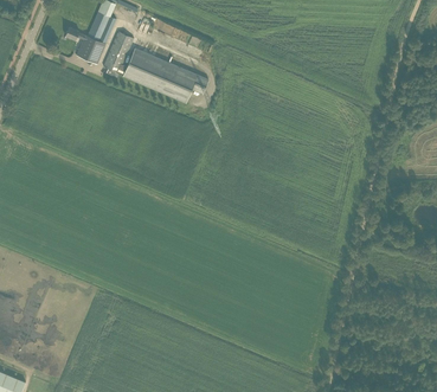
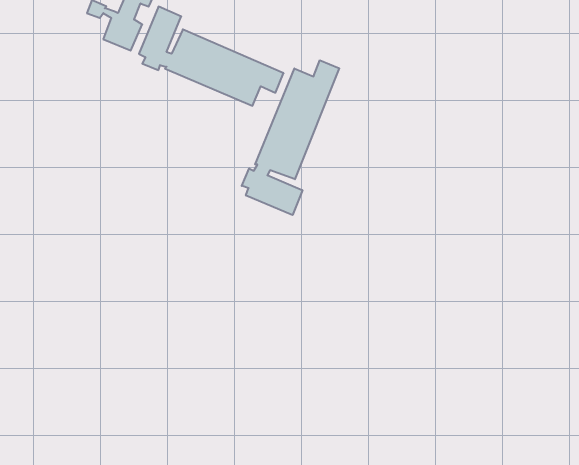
building: none -> [242,60,339,215]

